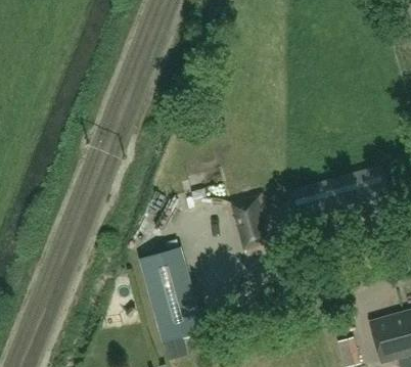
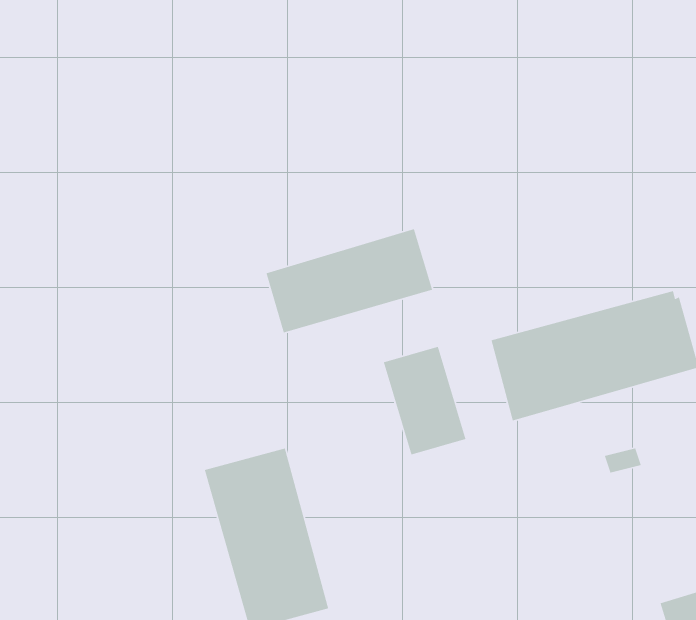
building: none -> [265,228,433,333]

